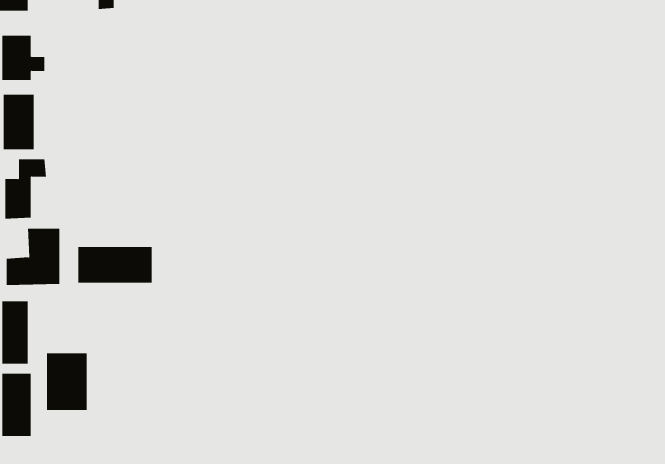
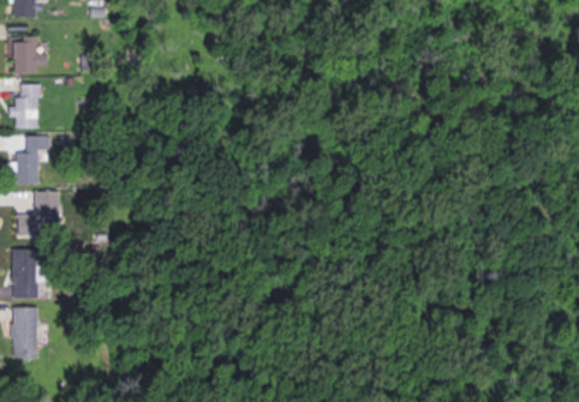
building: [78,246,152,284] -> none
building: [46,353,87,411] -> none

